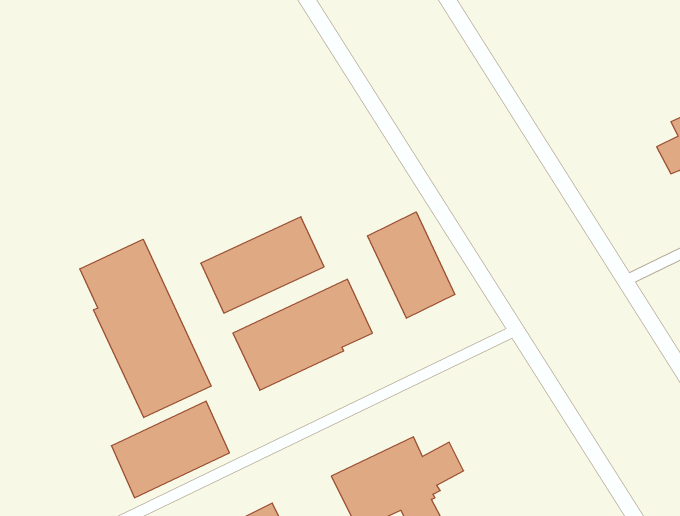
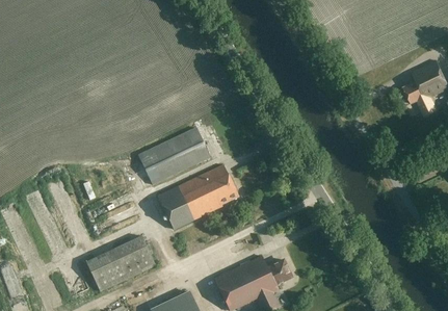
building: [368,212,455,318] -> none
building: [80,239,211,418] -> none

